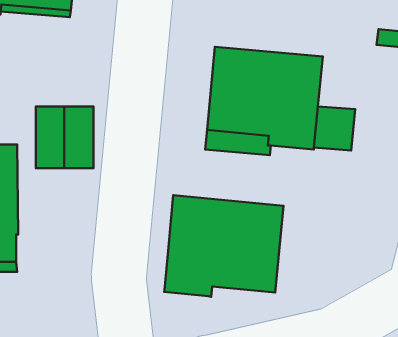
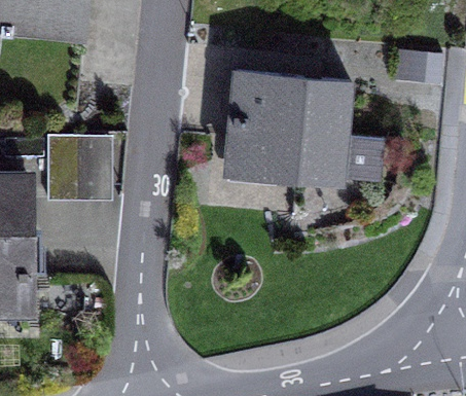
building: [164,195,283,297] -> none

